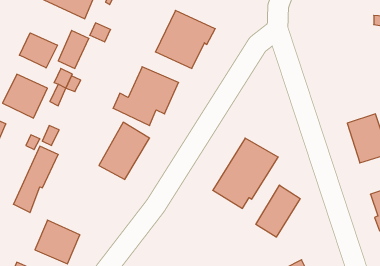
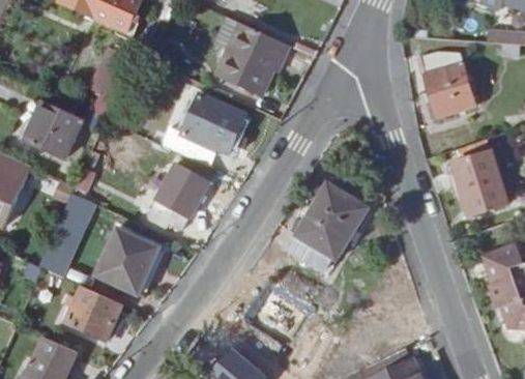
building: none -> [421,52,474,115]
building: [19,33,57,68] -> none
building: none -> [96,230,158,294]
building: [256,185,300,237] -> none

